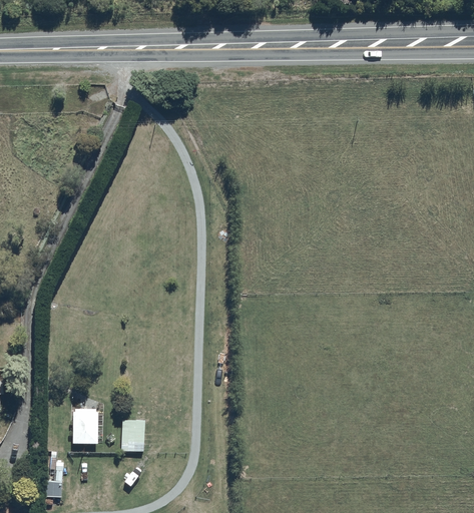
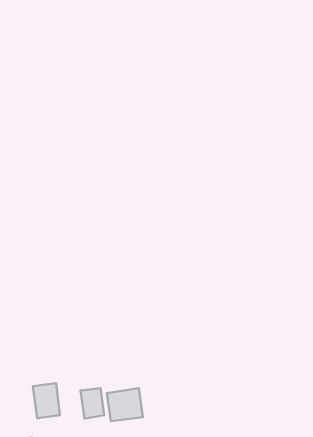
building: none -> [107,388,143,421]

